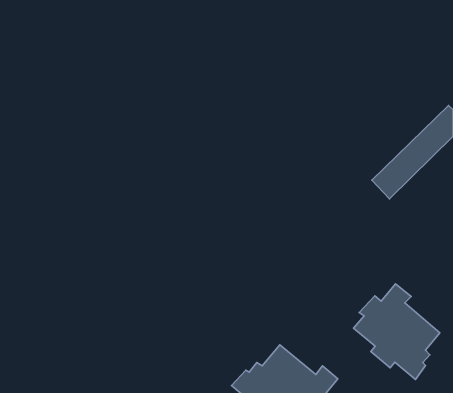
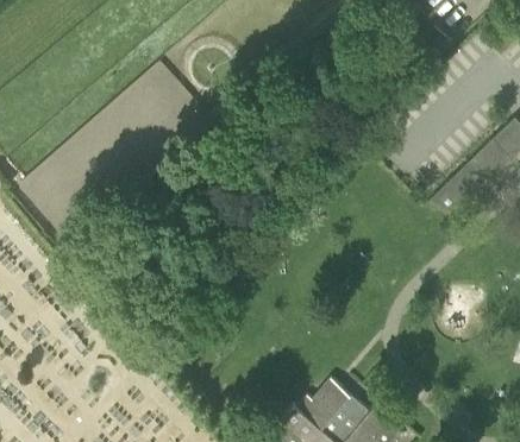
building: [353,284,440,379] -> none

